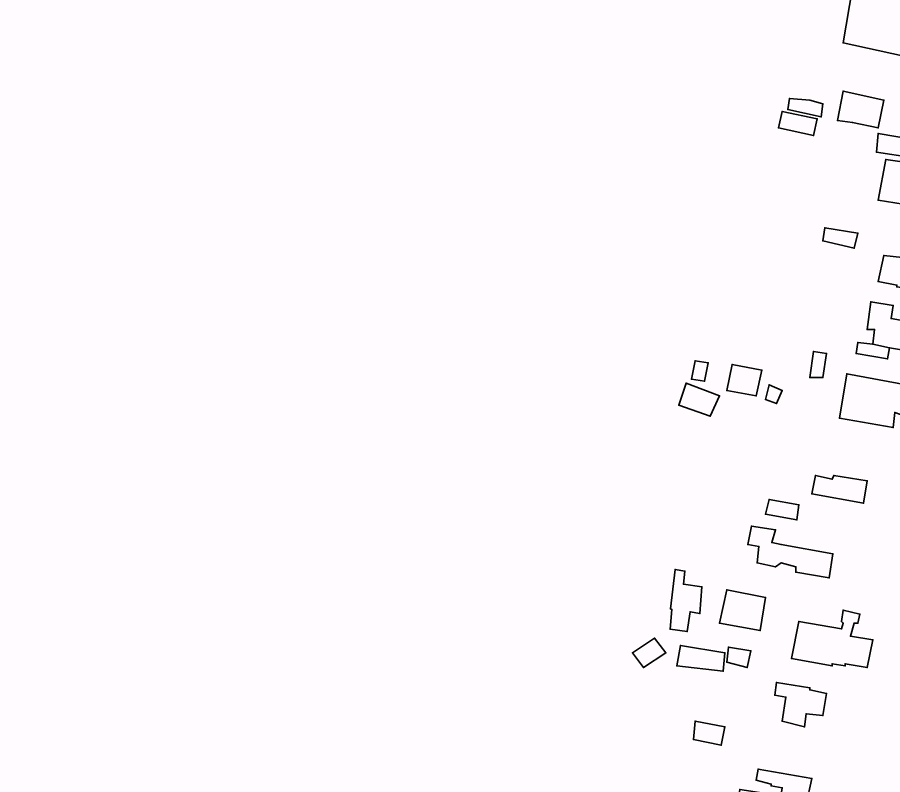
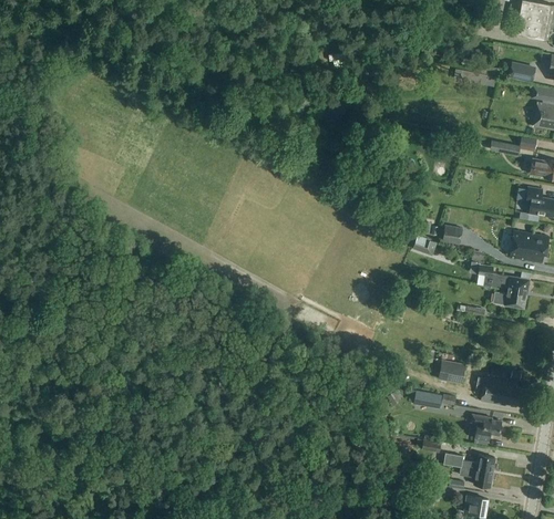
building: [748,526,833,578] -> [476,262,527,293]
building: [670,570,702,631] -> none
building: none -> [442,451,494,471]

